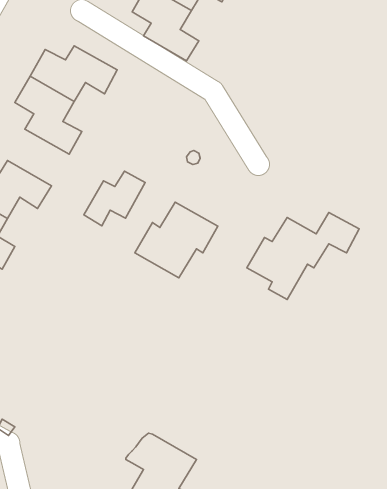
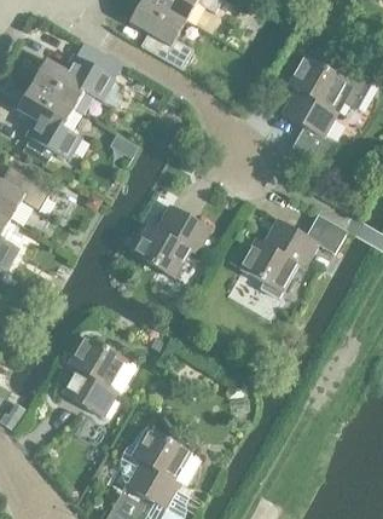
building: none -> [280,56,367,167]
building: [84,171,145,226] -> none
building: none -> [60,335,126,416]

